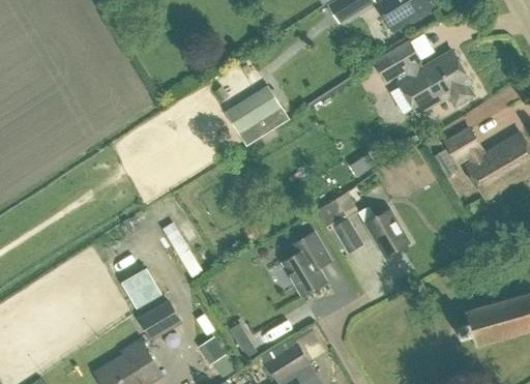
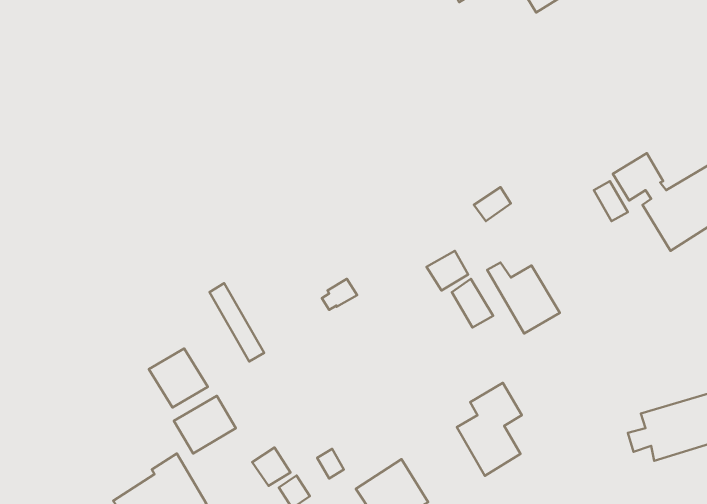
building: [371,43,472,115] -> none
building: [225,84,289,145] -> none
building: [281,231,326,296] -> [457,383,522,476]

